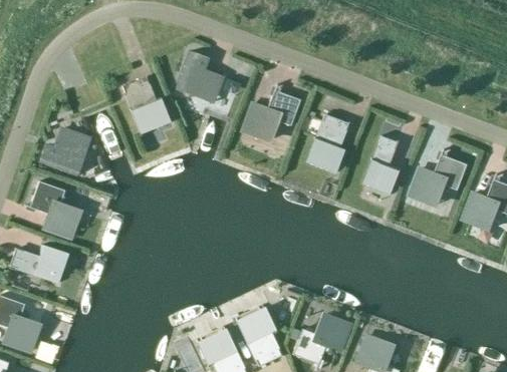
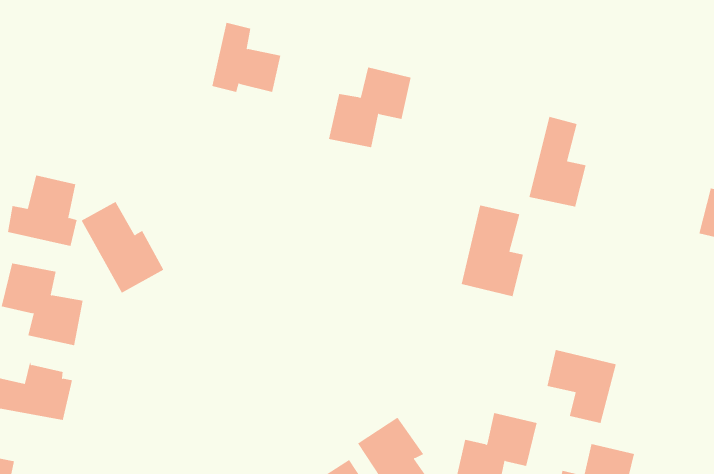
building: [122,77,170,134] -> [81,201,164,293]
building: [306,114,348,173] -> [461,205,524,297]
building: [412,154,469,206] -> none
building: none -> [547,349,617,424]

